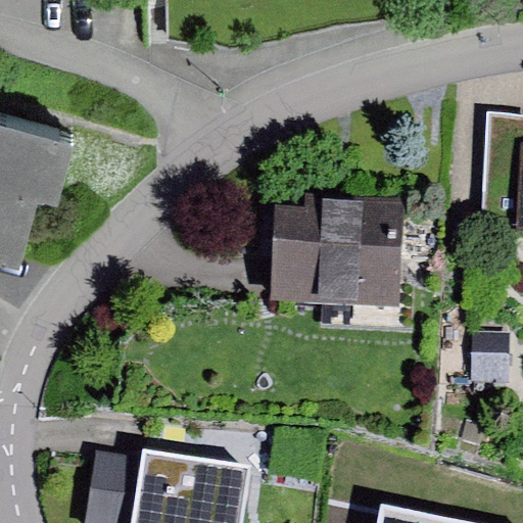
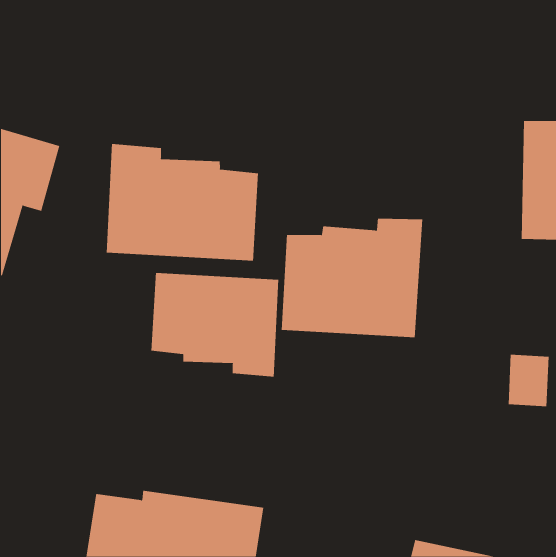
building: none -> [106,143,259,261]
building: none -> [151,272,279,377]

